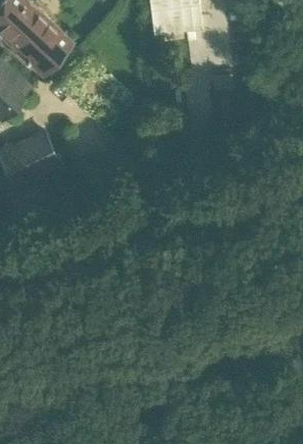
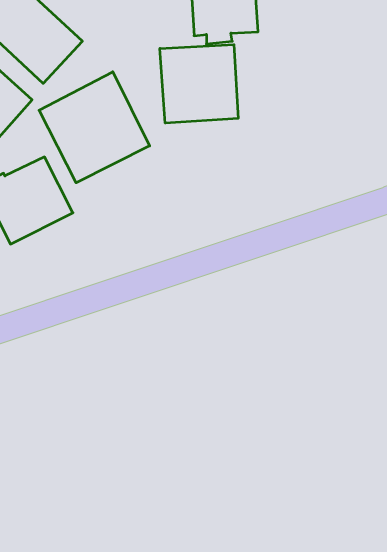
building: none -> [160,45,238,123]
building: none -> [39,72,150,183]

